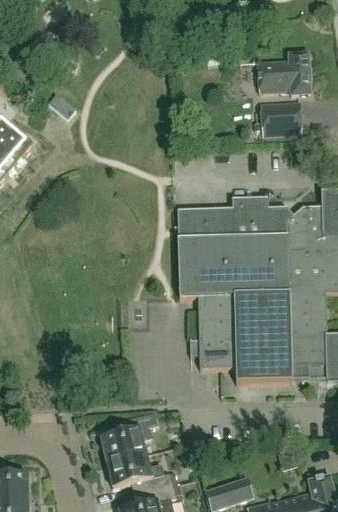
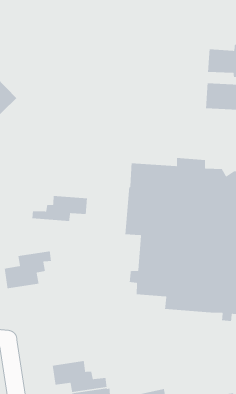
building: none -> [32,195,88,222]
building: [101,411,158,463] -> [4,250,52,289]

